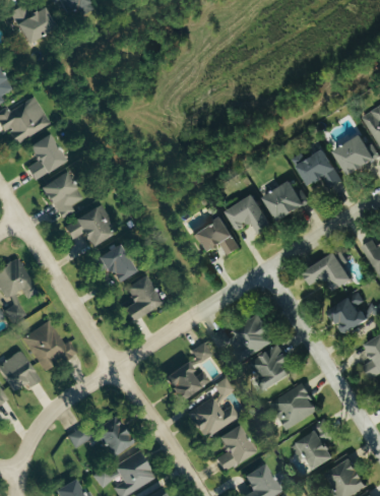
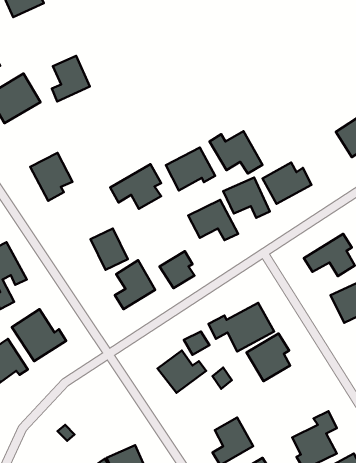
building: [27,134,64,178] -> [52,56,90,101]
building: [292,149,342,190] -> [209,131,263,173]
building: none -> [166,147,215,190]
building: [63,203,112,246] -> [110,164,161,209]
building: none -> [160,251,194,288]
building: [271,383,318,429] -> none
building: [187,396,240,439] -> none
building: [89,417,130,457] -> none

